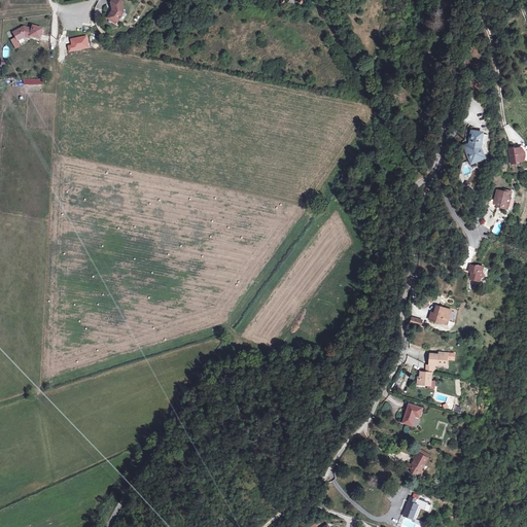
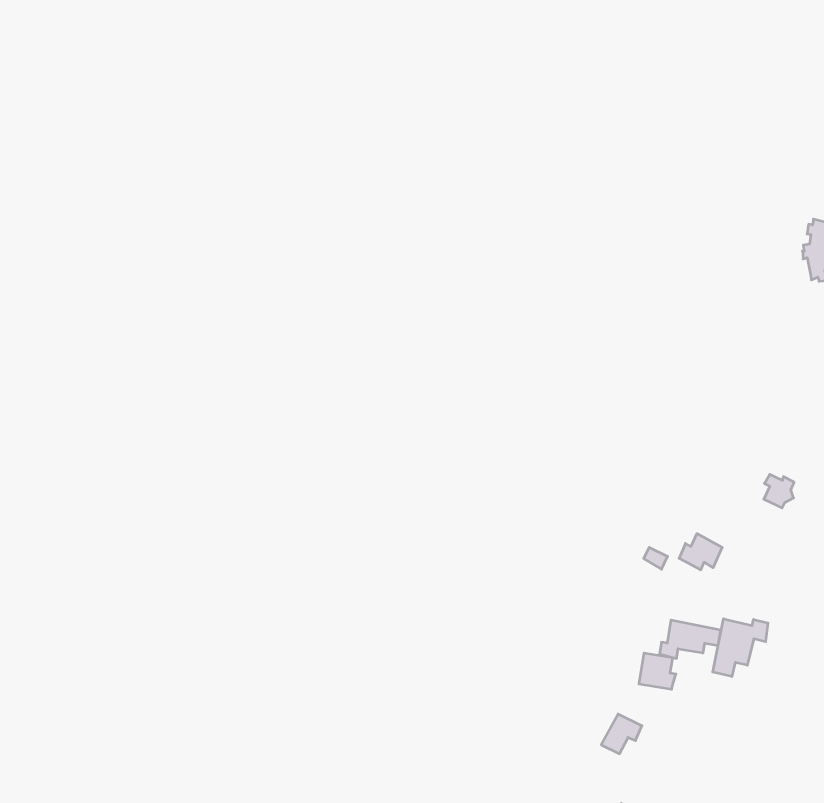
building: none -> [713,619,768,677]

